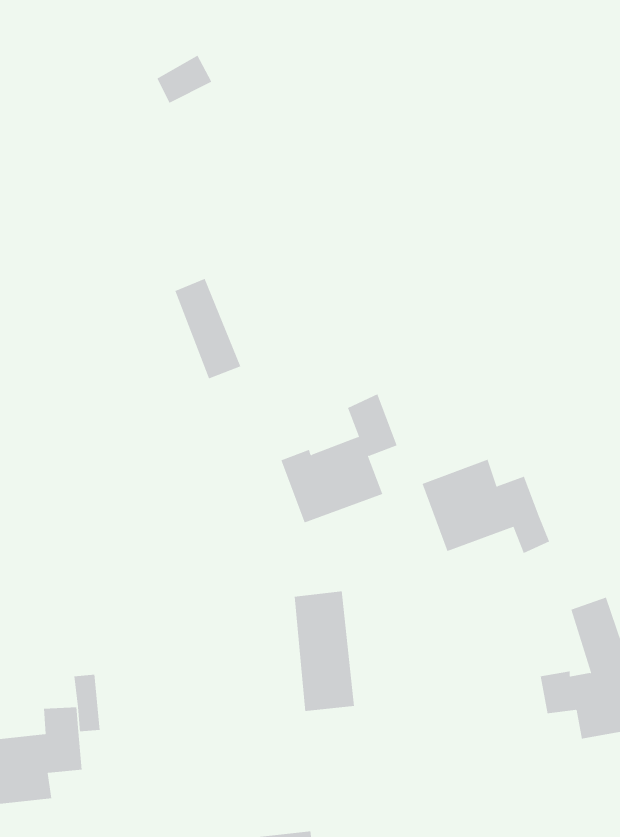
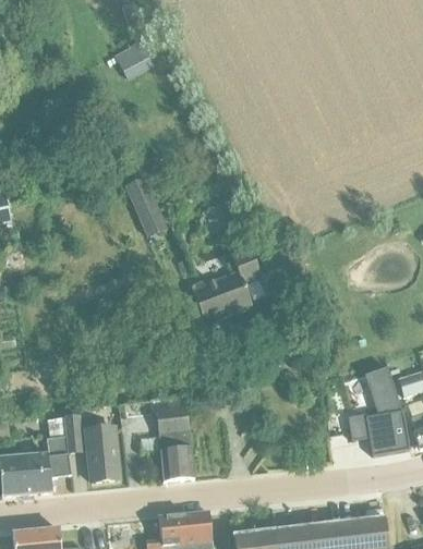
building: [422,459,550,554] -> none
building: [294,591,355,712] -> [157,407,194,480]
building: none -> [86,426,120,483]

